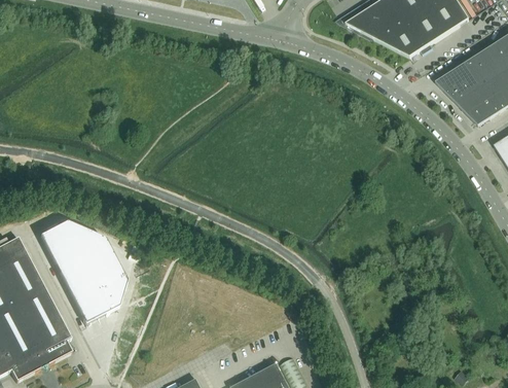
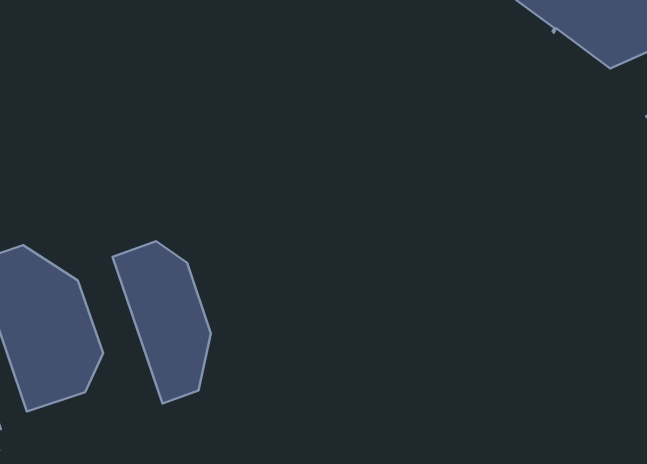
building: none -> [112,241,211,403]

